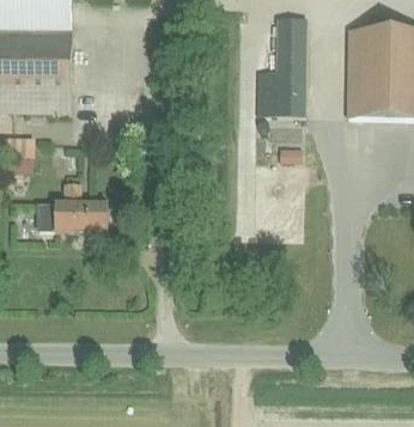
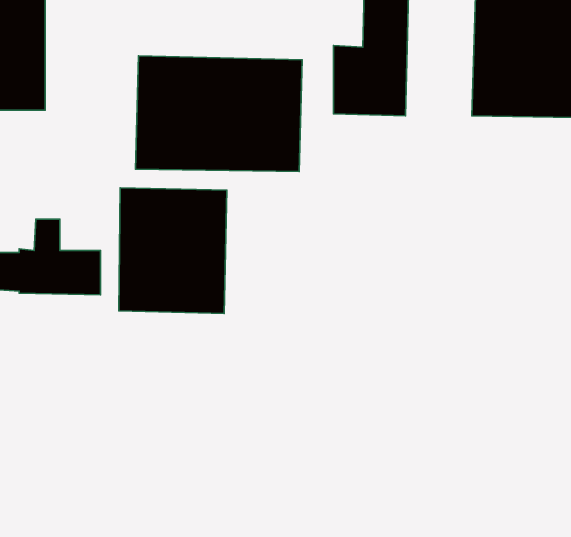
building: none -> [136,56,302,172]
building: none -> [119,188,227,313]

